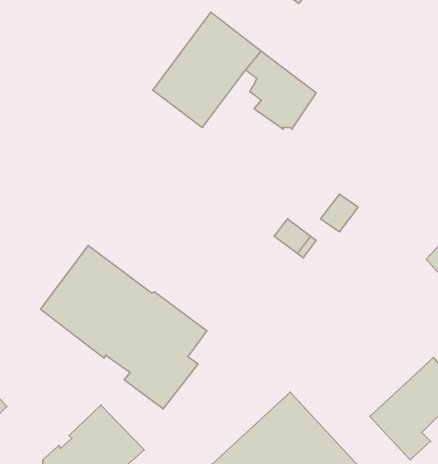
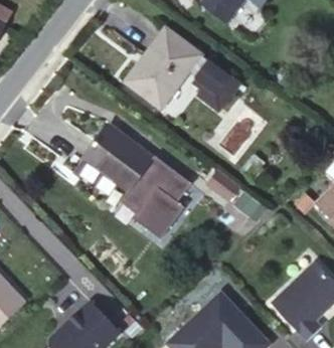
building: [40,245,207,409] -> [74,125,190,238]

